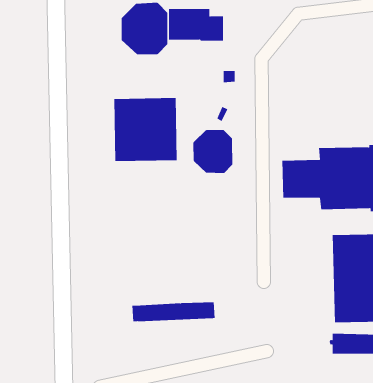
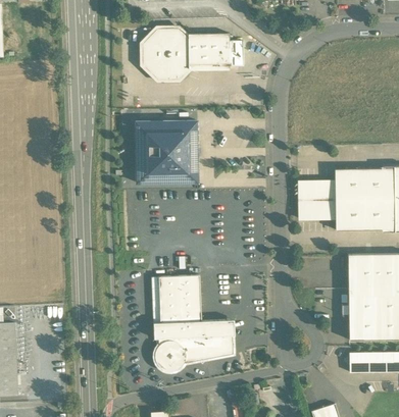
building: [193,129,233,174] -> none
building: none -> [158,275,200,322]
building: none -> [154,335,232,370]

